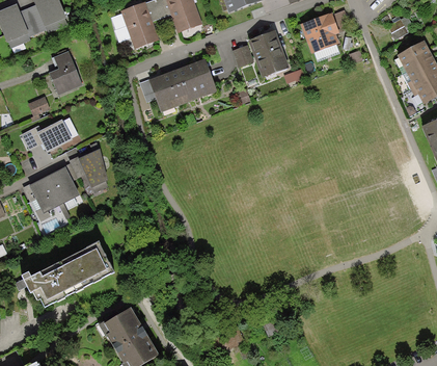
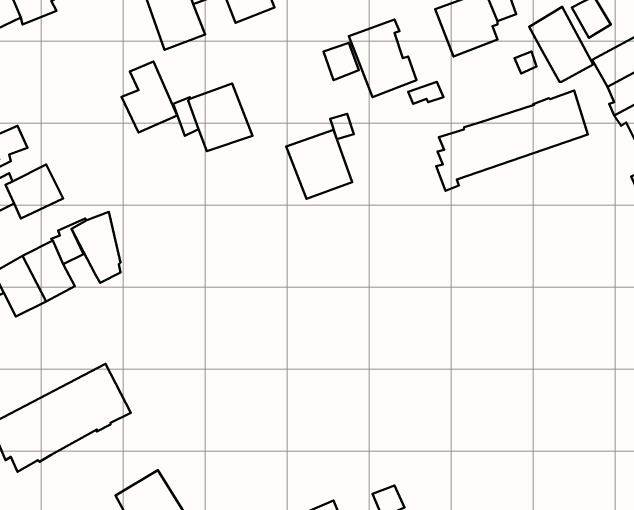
building: none -> [529,7,593,82]
building: [48,50,82,94] -> [122,61,177,132]
building: [175,58,216,101] -> [286,130,352,199]
building: none -> [436,91,588,191]

